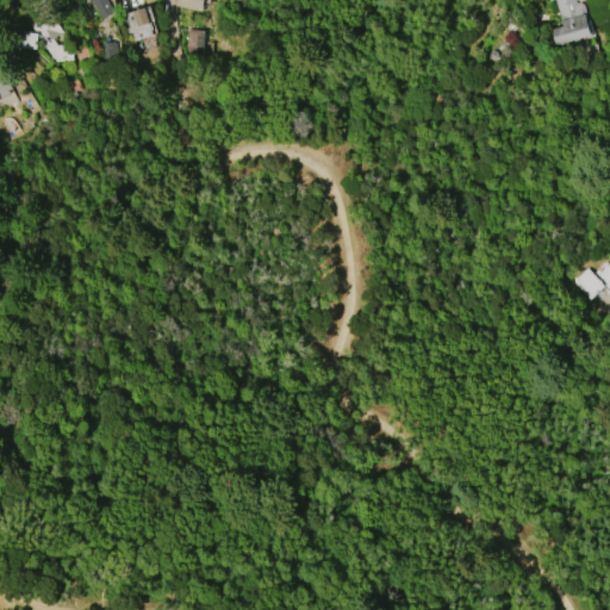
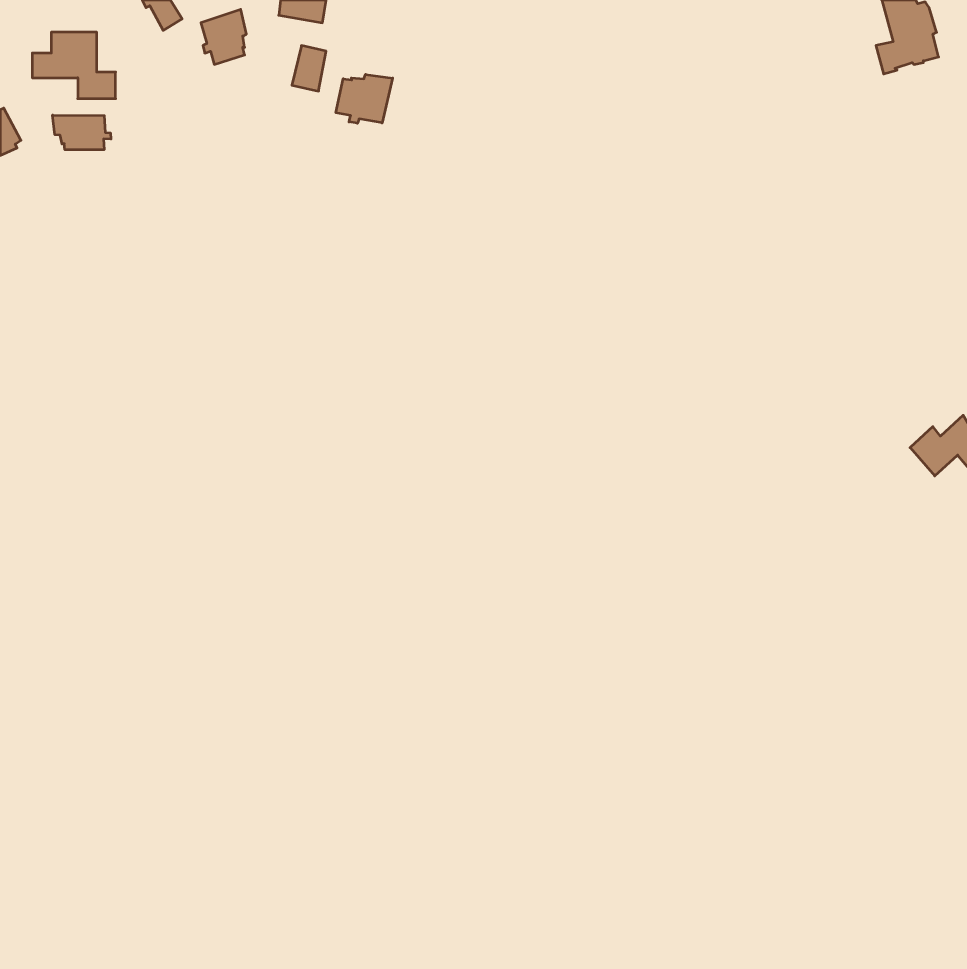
building: none -> [336,74,393,123]
building: none -> [53,115,111,150]

